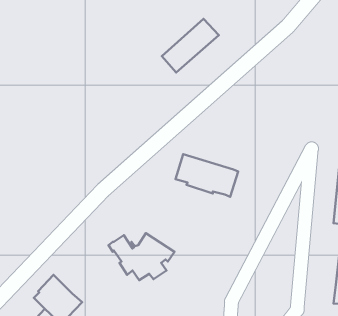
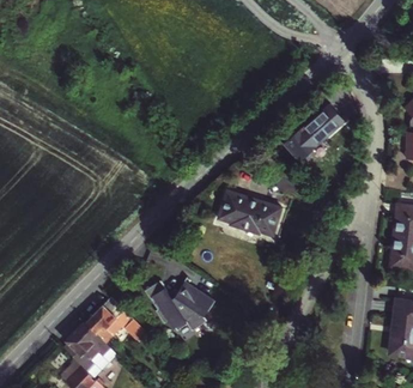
building: [162,19,219,73] -> [281,104,344,163]
building: none -> [85,297,144,342]

